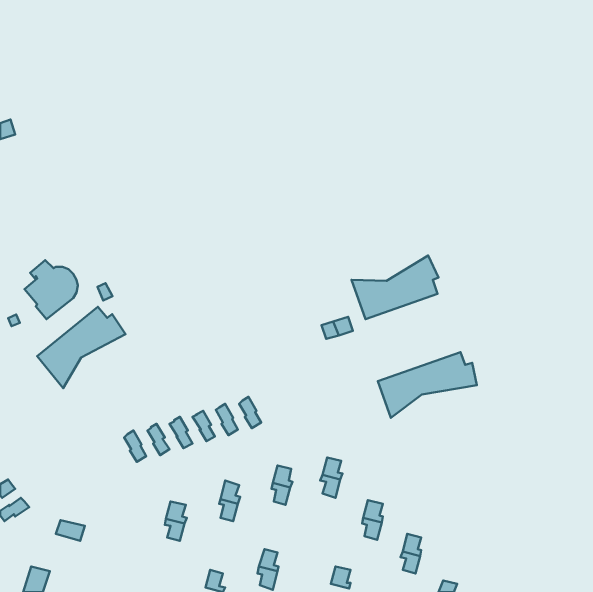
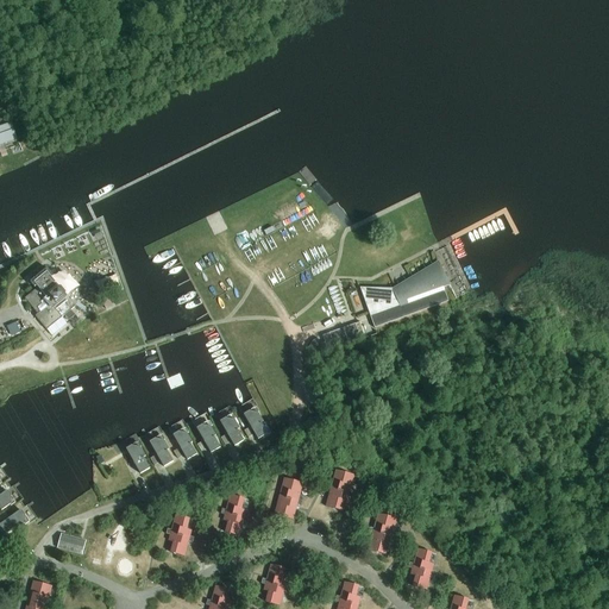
building: [37,307,125,388] -> none
building: [378,352,477,418] -> none

